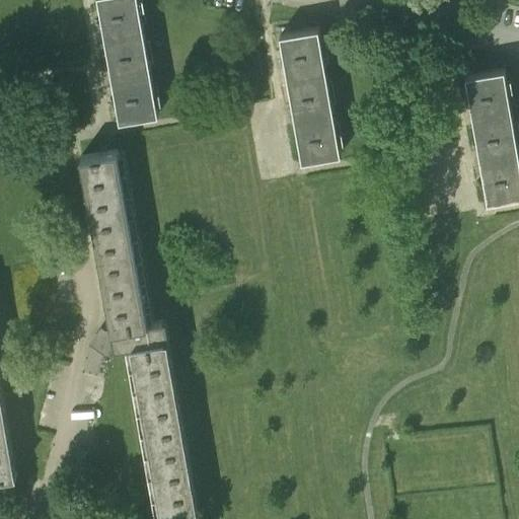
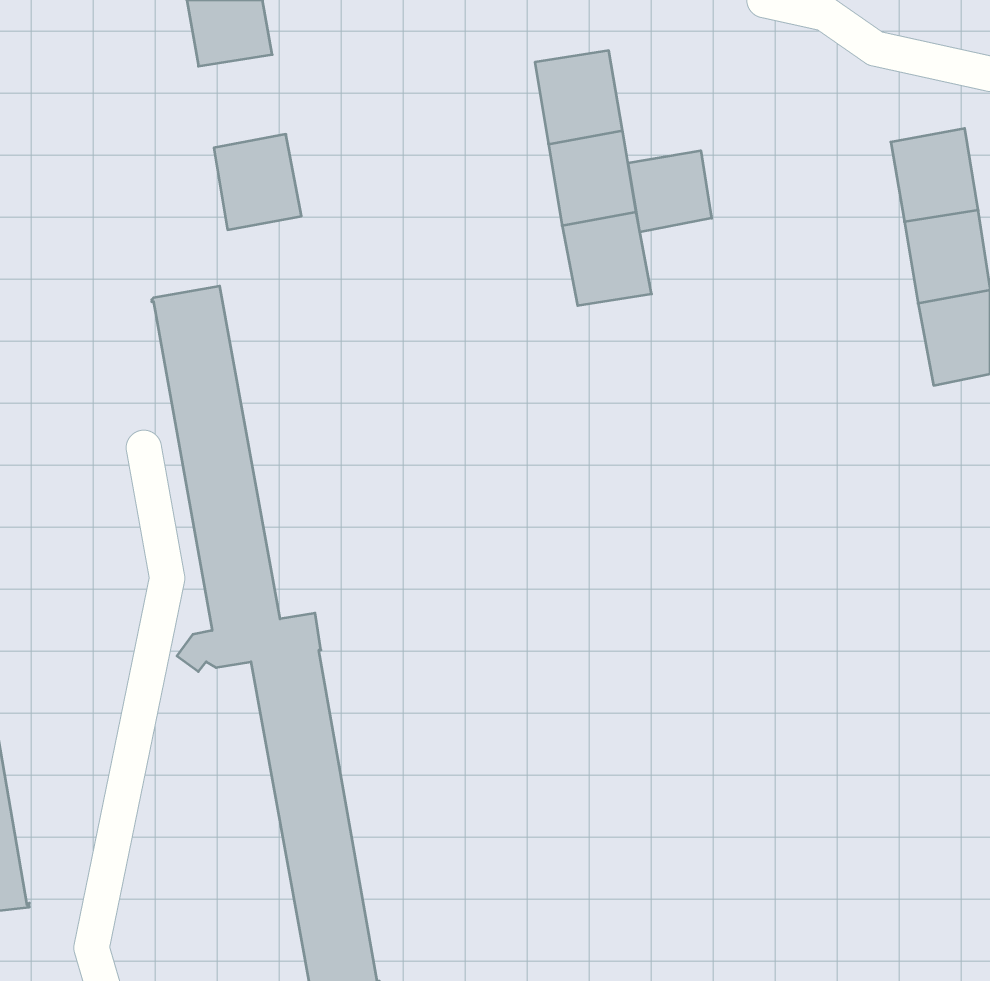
building: [103,35,149,84] -> none
building: none -> [628,151,712,232]

